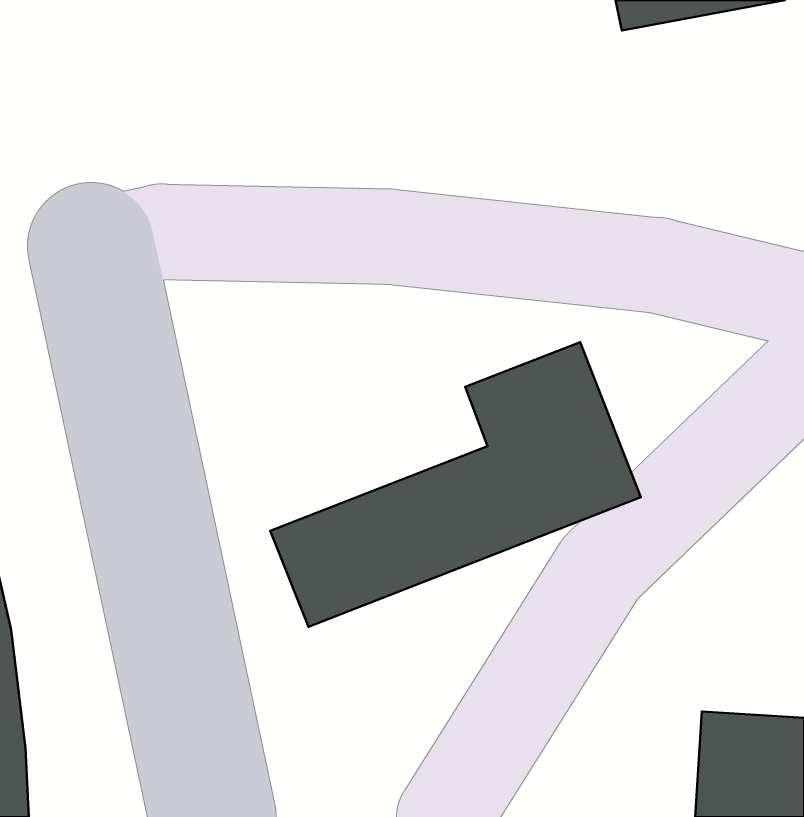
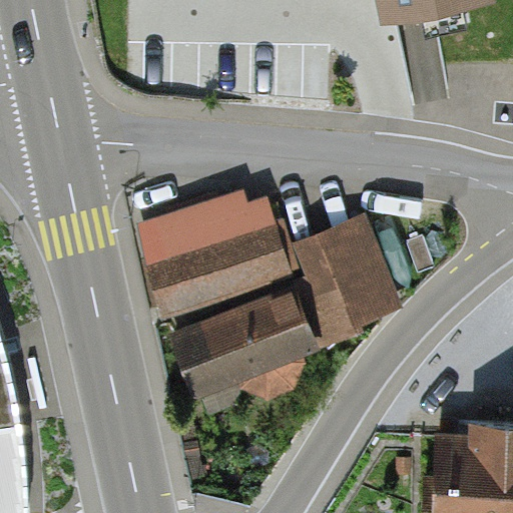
building: none -> [143,213,289,317]

